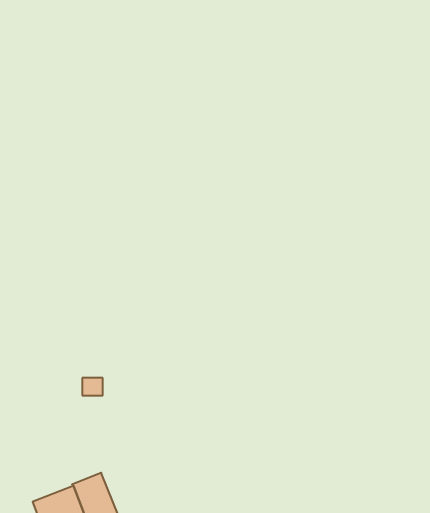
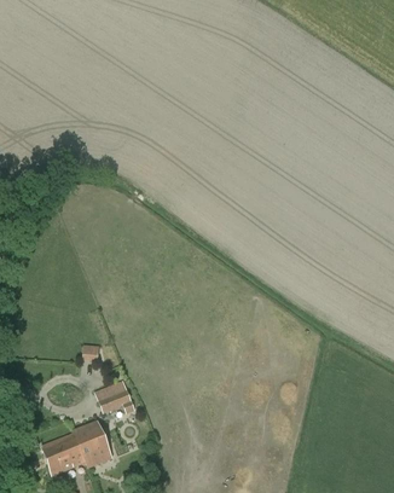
building: none -> [95,381,132,413]

